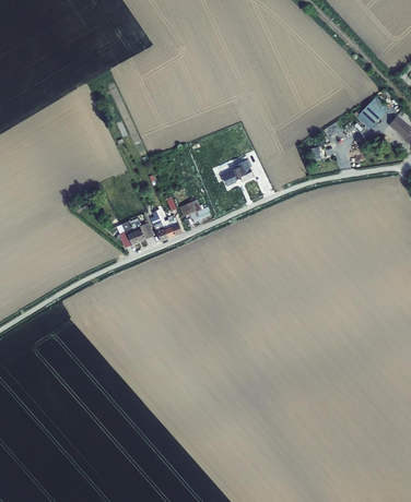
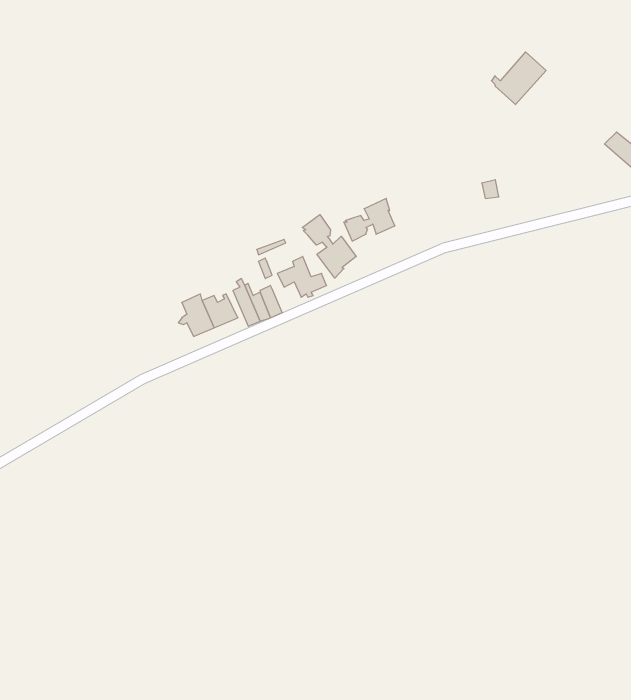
building: [354,96,389,130] -> [491,52,546,105]
building: none -> [302,215,356,278]

